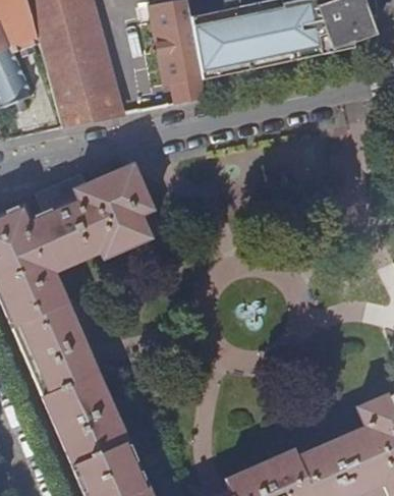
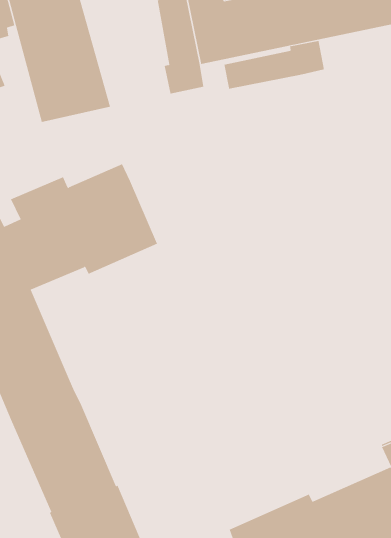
building: none -> [224,40,324,90]

